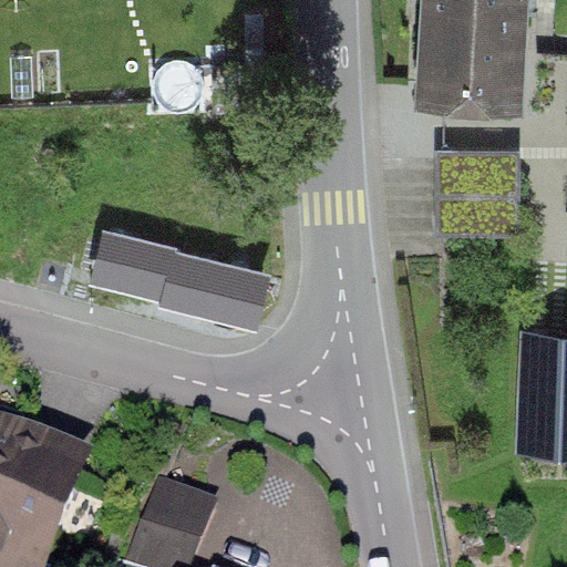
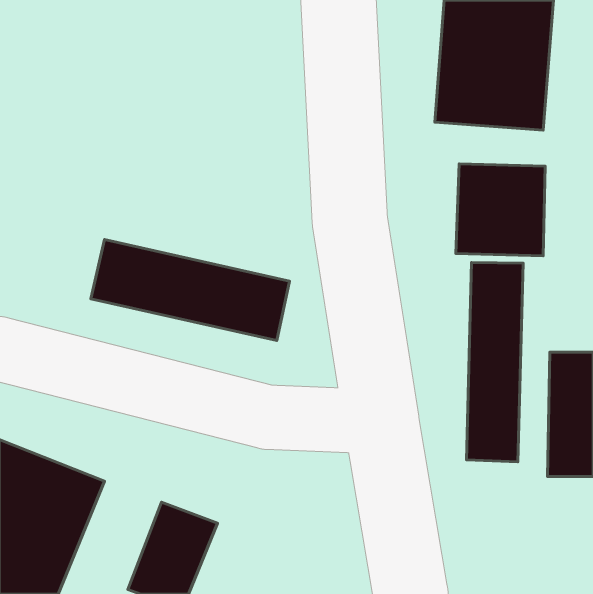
building: none -> [466,262,523,462]

